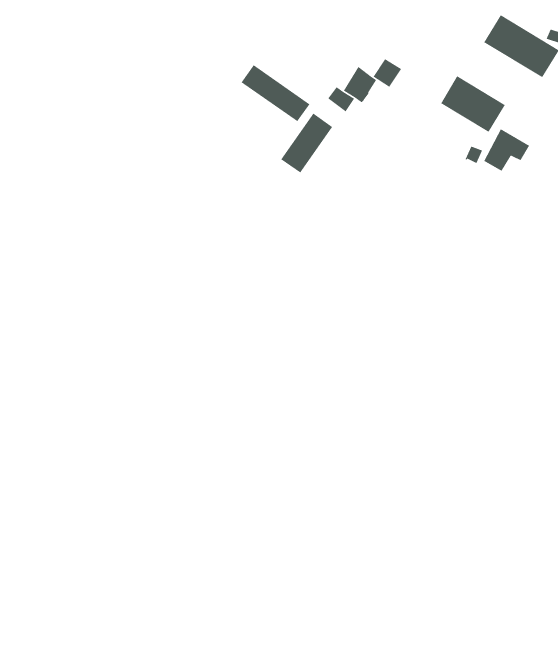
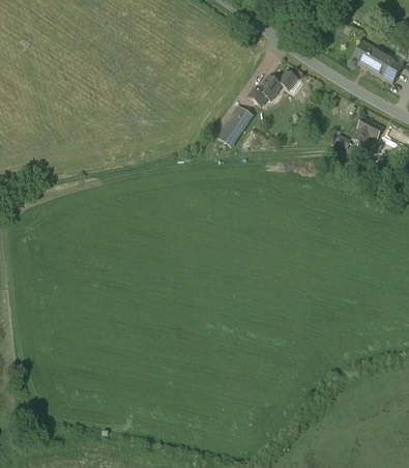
building: [241,64,311,122] -> none
building: [440,75,506,133] -> none

